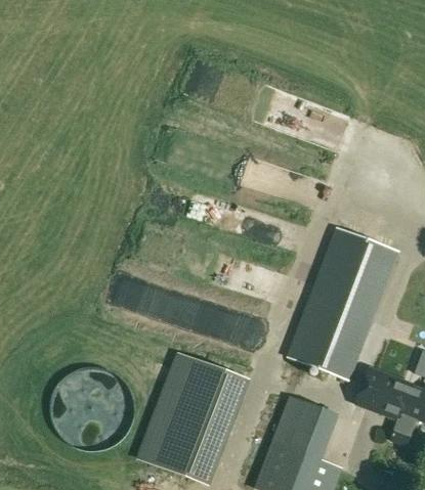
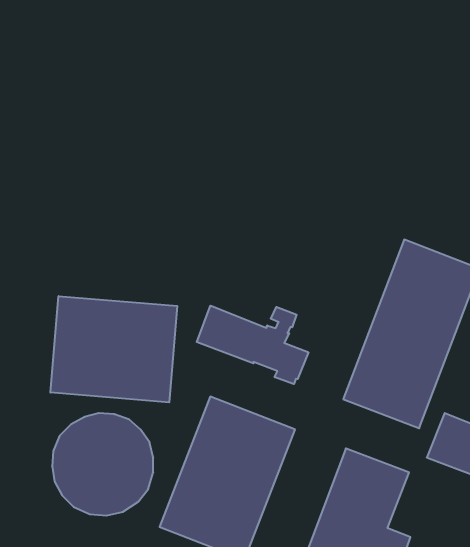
building: none -> [50,296,177,402]
building: none -> [197,306,308,384]

